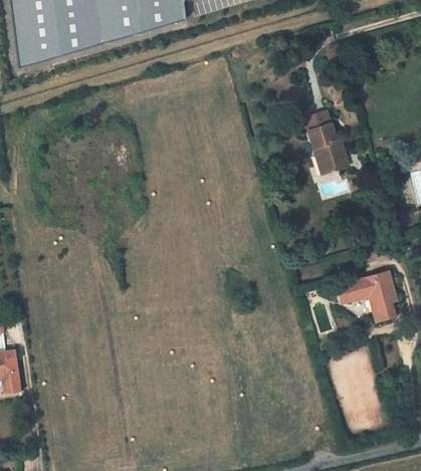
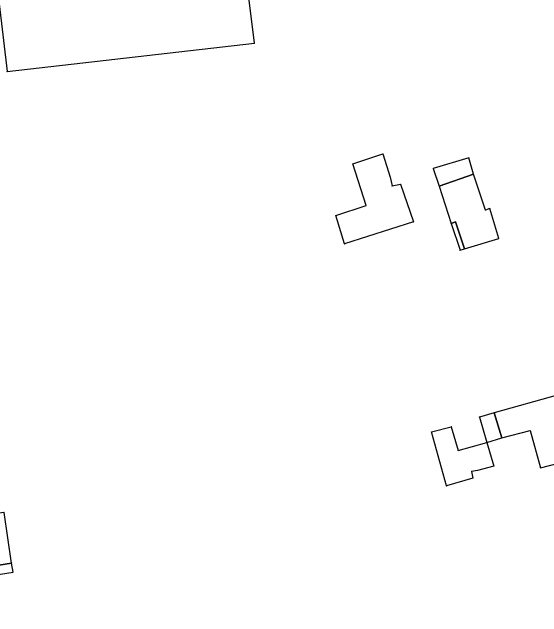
building: none -> [336,154,413,244]
building: none -> [432,427,494,486]

